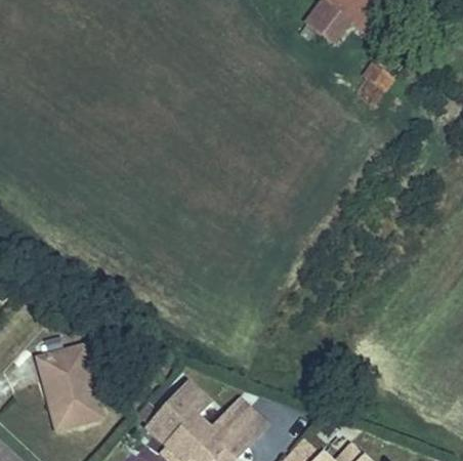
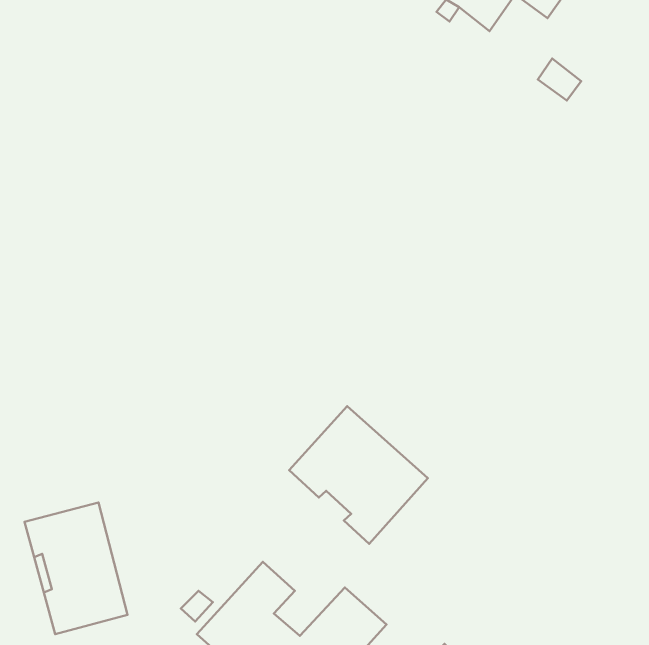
building: none -> [289,406,428,544]

